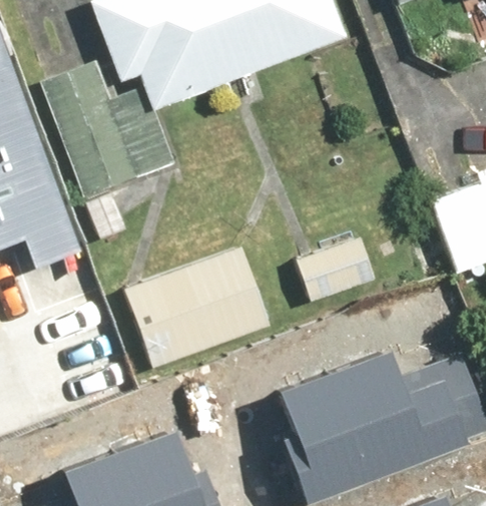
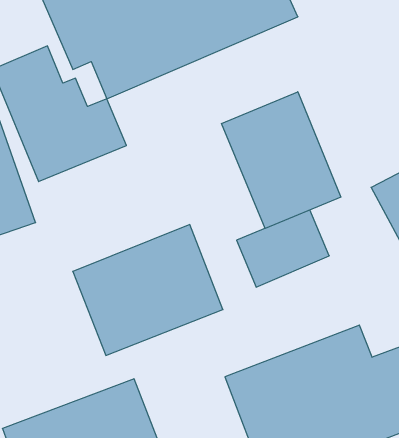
building: none -> [221,92,341,228]

